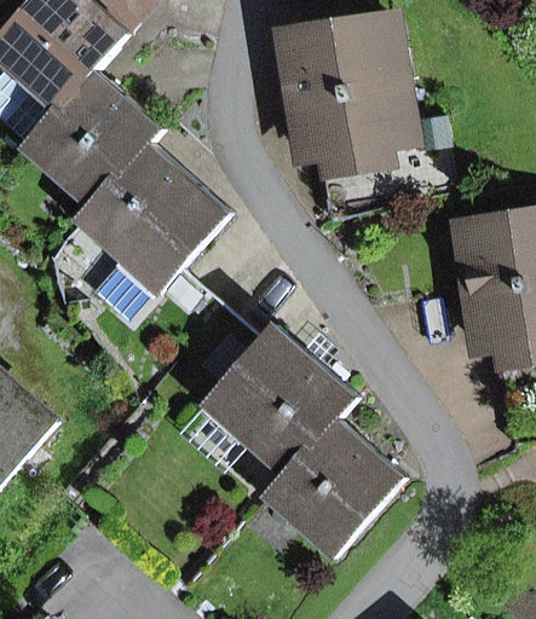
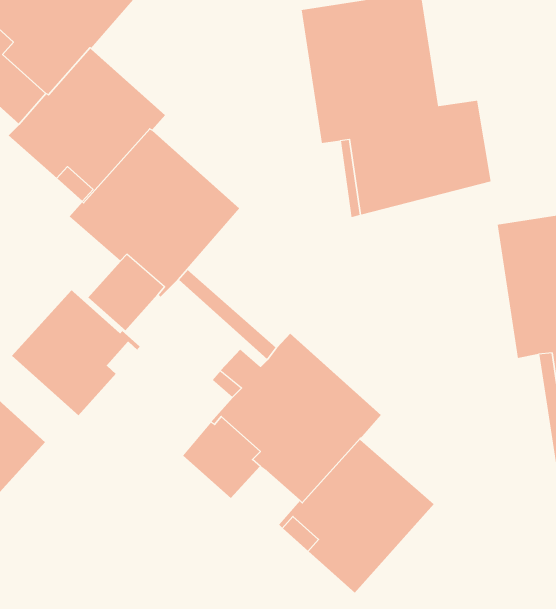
building: none -> [11,289,141,416]

